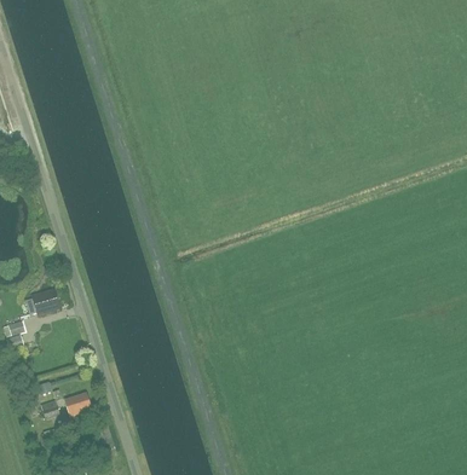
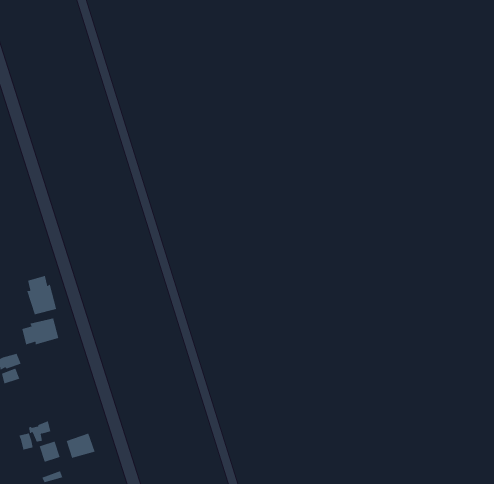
building: none -> [27,275,57,315]

